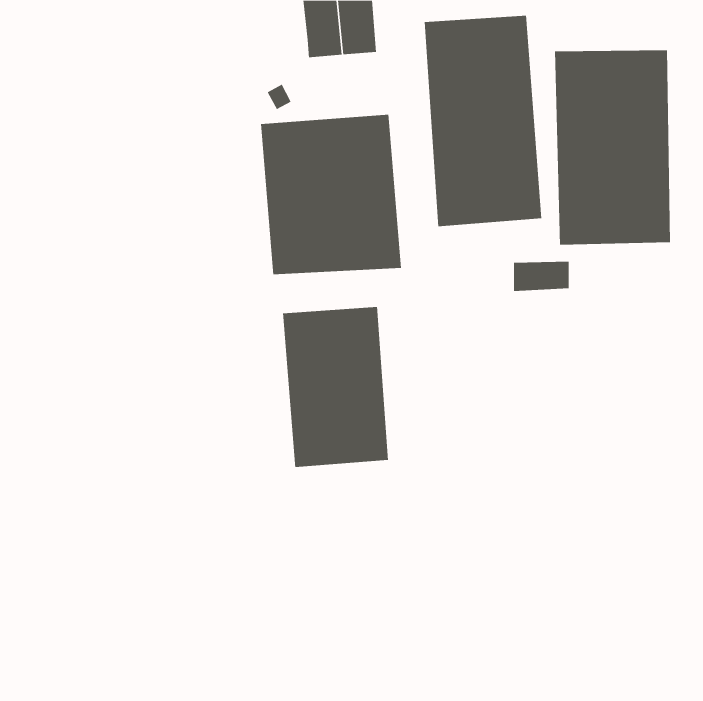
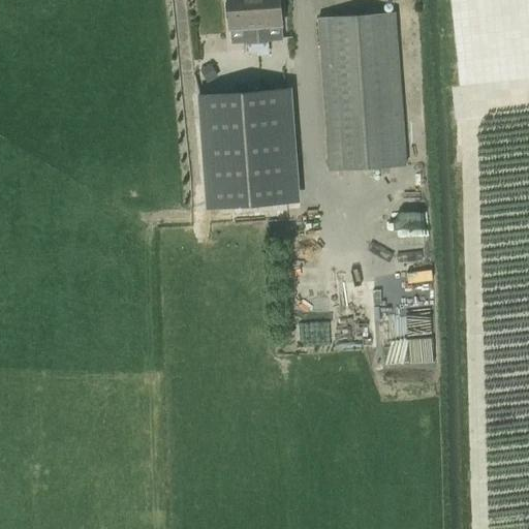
building: [555,49,670,246] -> none
building: [283,306,389,468] -> none

